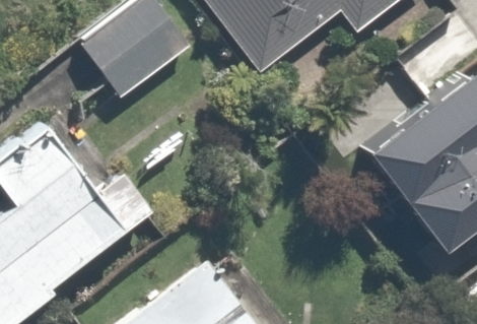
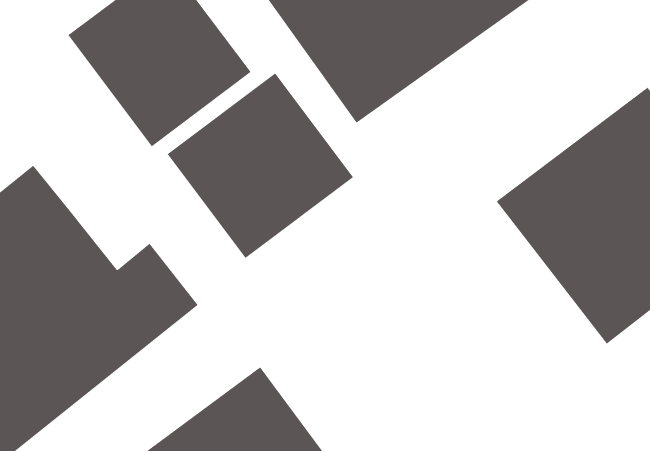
building: none -> [167,73,354,259]

